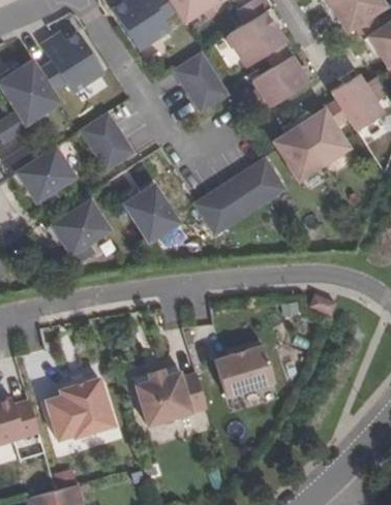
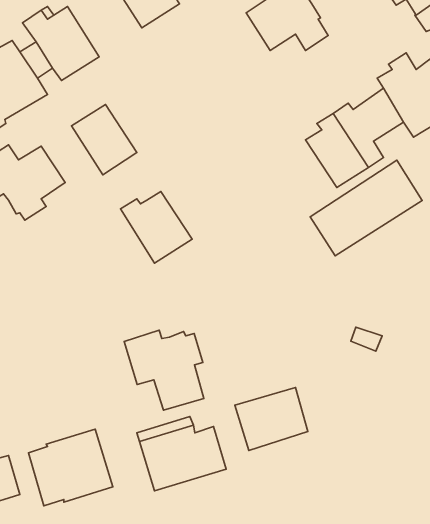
building: [173,53,227,111] -> none
building: [252,56,314,107] -> none
building: [194,157,287,235] -> [310,160,422,256]
building: [47,200,109,264] -> none
building: none -> [124,330,204,410]

